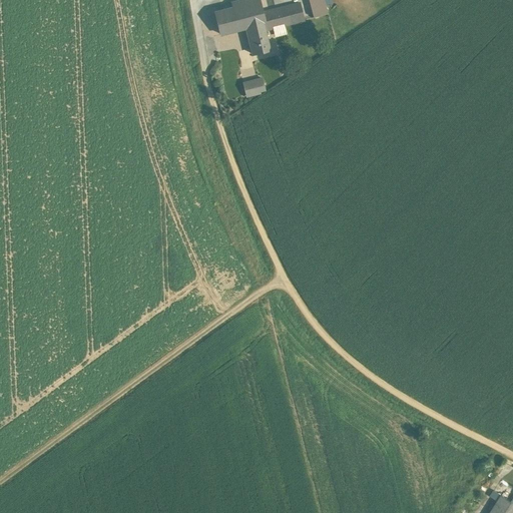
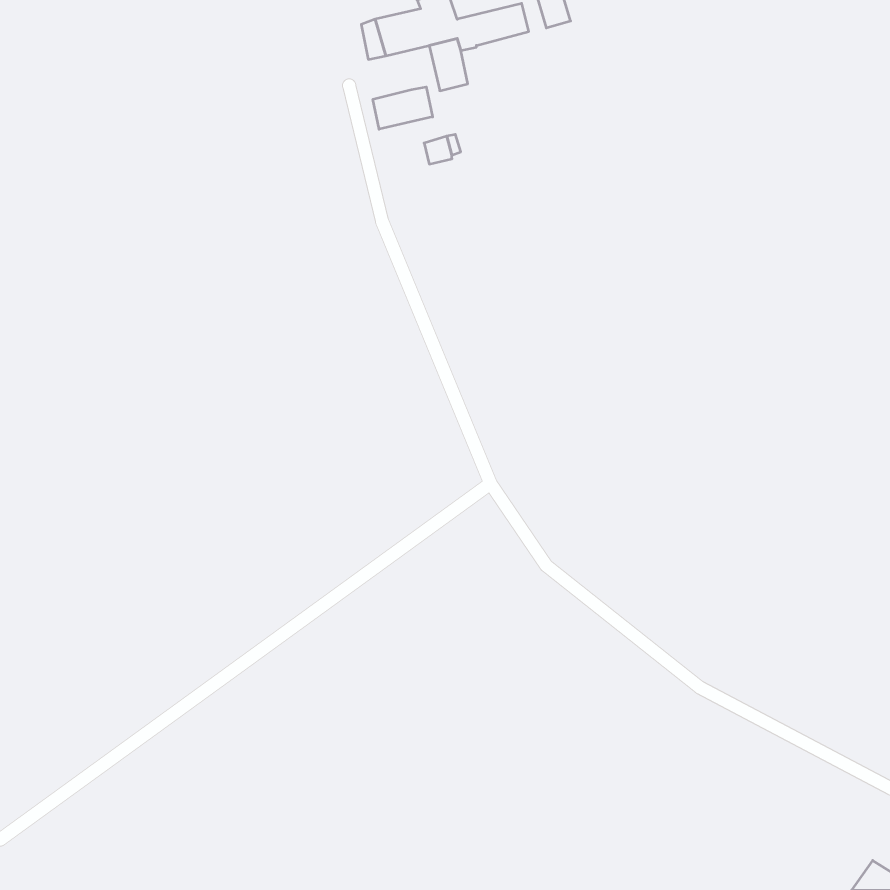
building: none -> [373,87,433,129]

